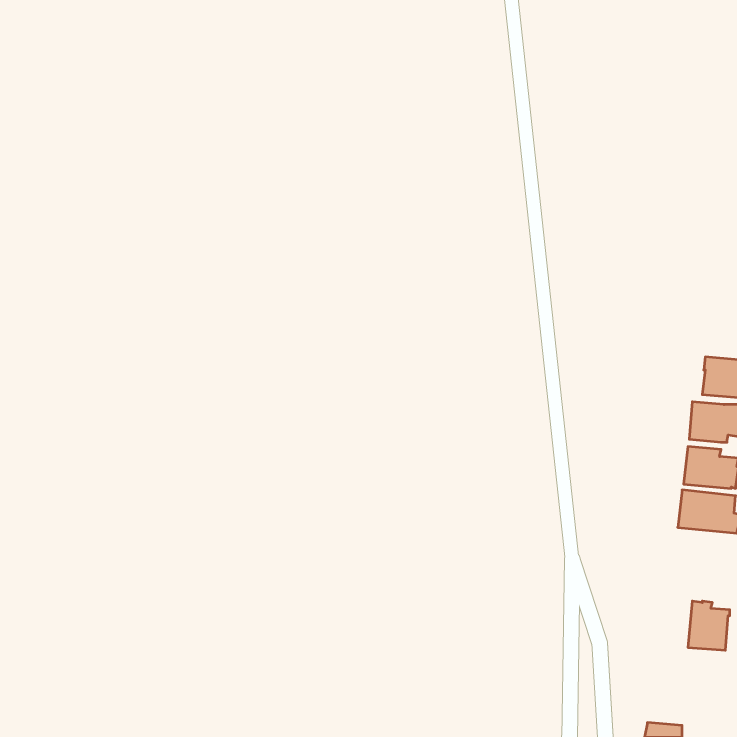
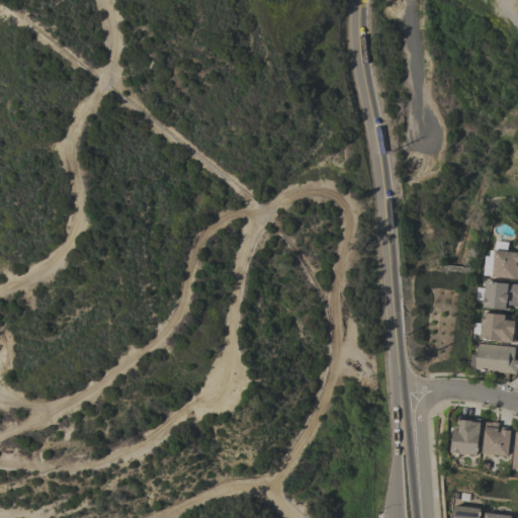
building: none -> [450,420,481,455]

